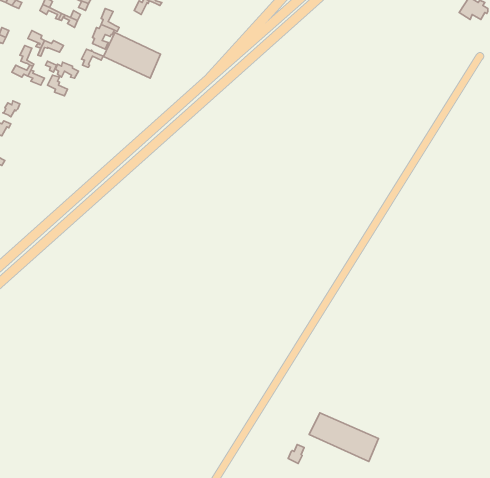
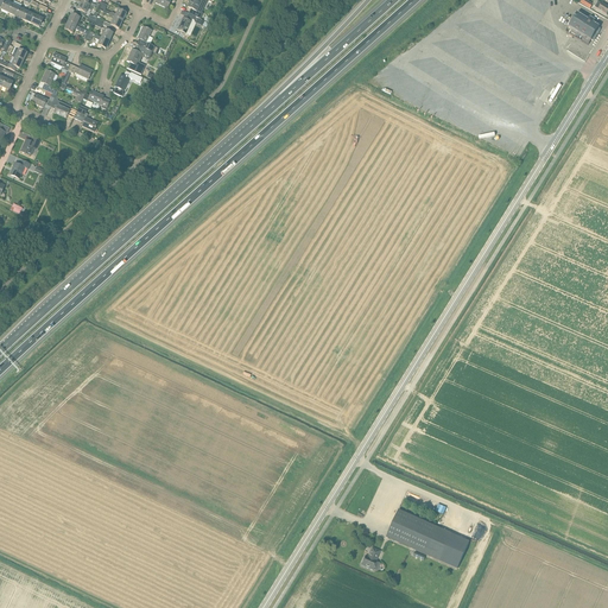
building: [104,33,160,78] -> none

